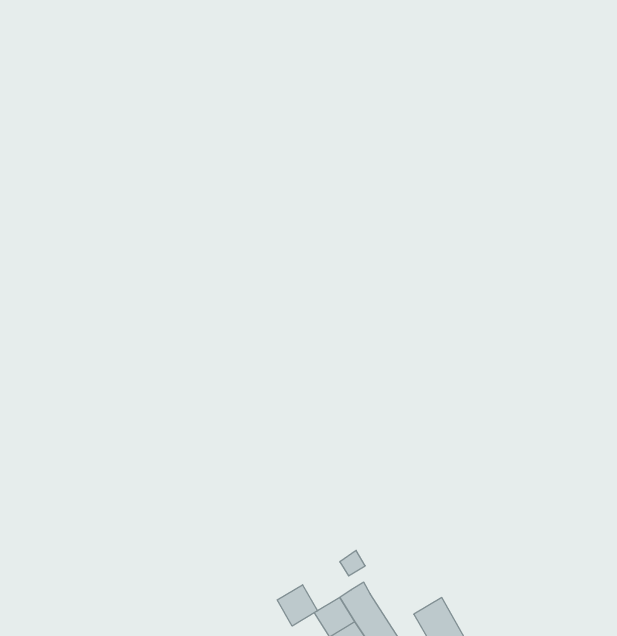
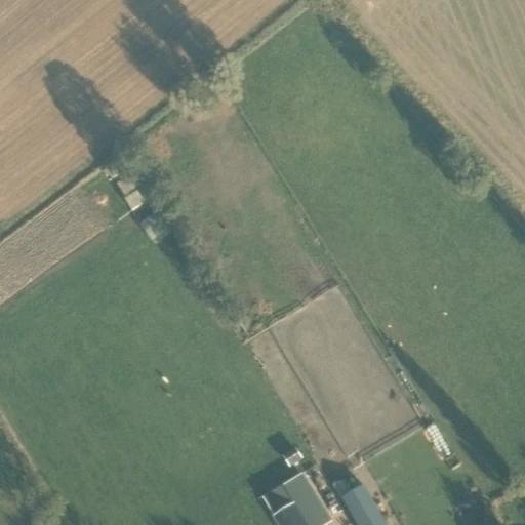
building: [277,585,318,626] -> none

